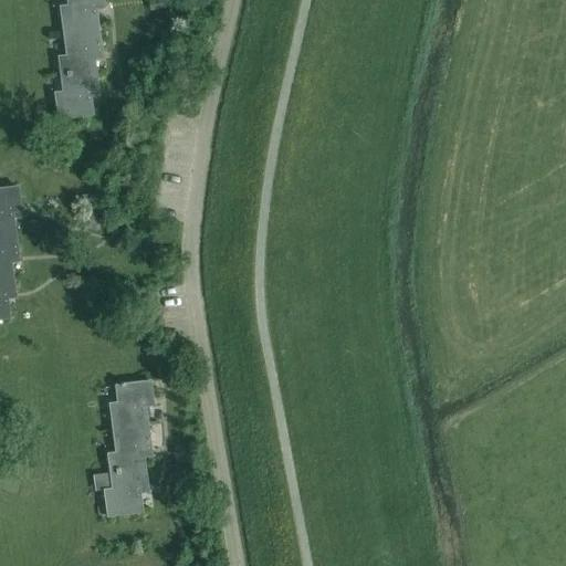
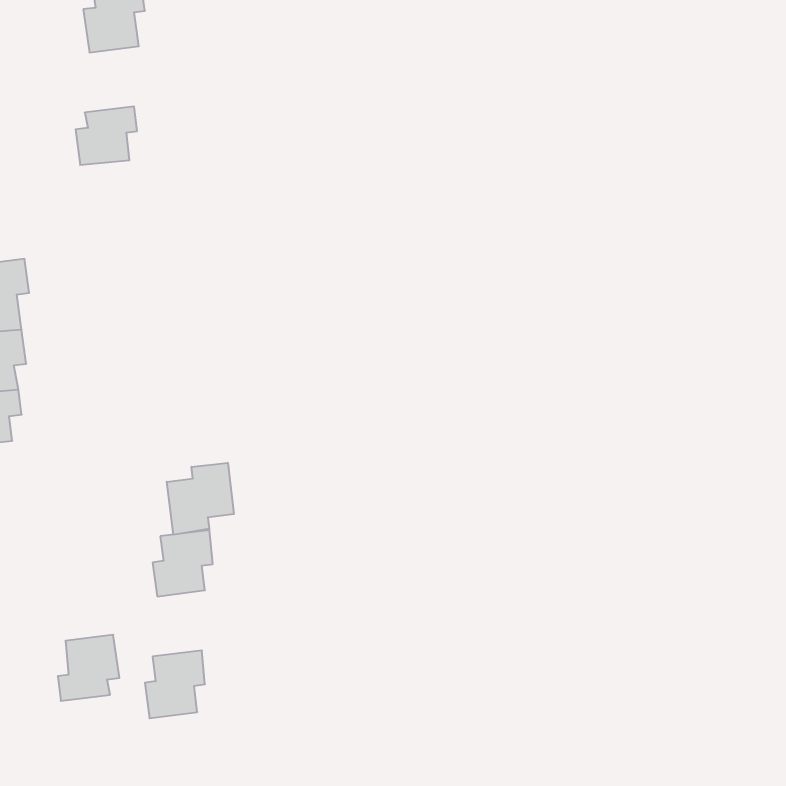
building: [59,33,102,81] -> none
building: none -> [167,463,234,535]
building: [107,423,151,471] -> [58,635,119,701]

